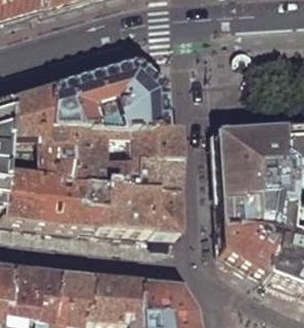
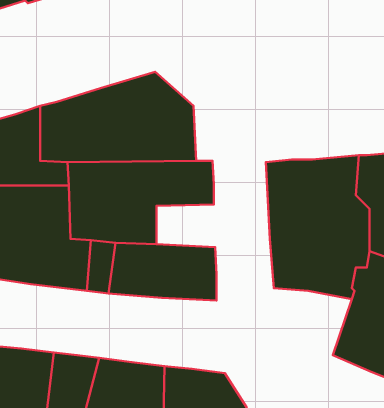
building: [132,161,175,193] -> none
building: [219,223,277,273] -> none

